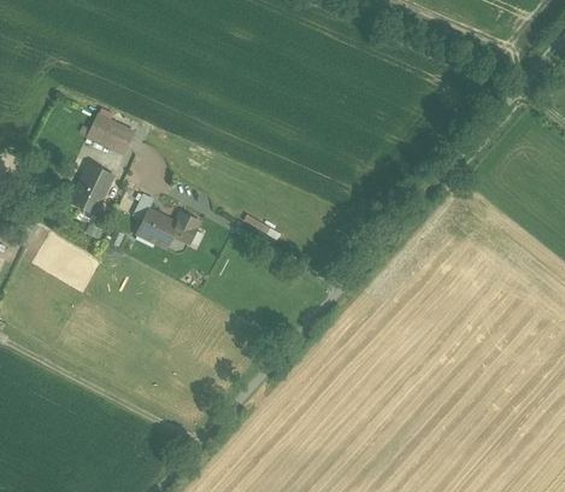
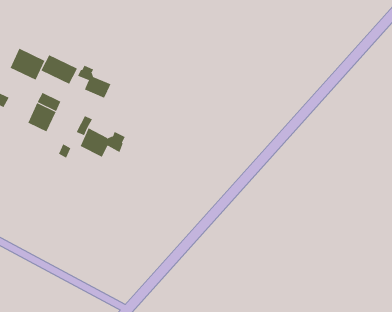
building: none -> [10,48,45,81]
building: none -> [77,65,111,98]

